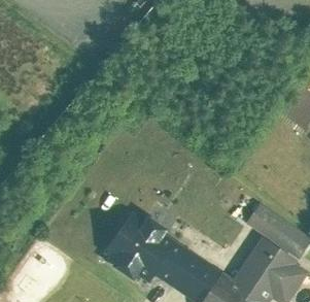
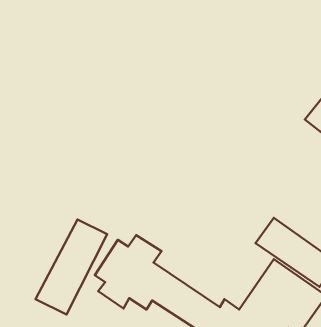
building: none -> [35,220,107,314]

